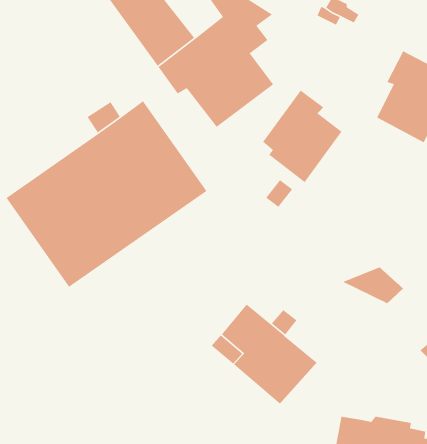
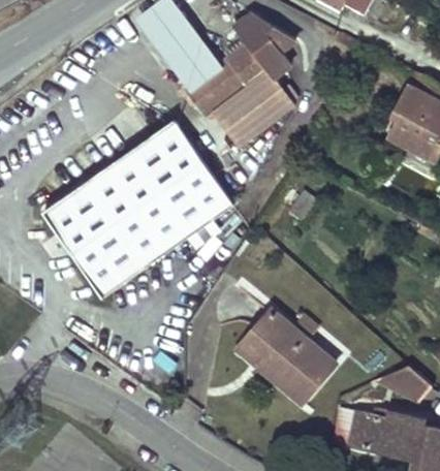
building: [262,90,342,183] -> none
building: [342,266,404,304] -> [374,366,432,401]

